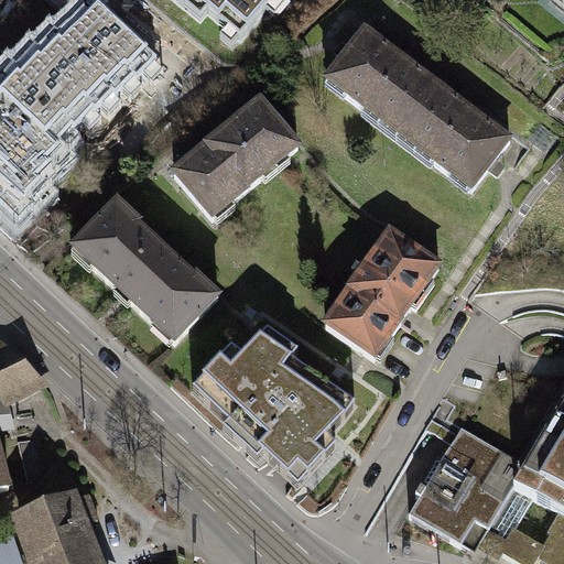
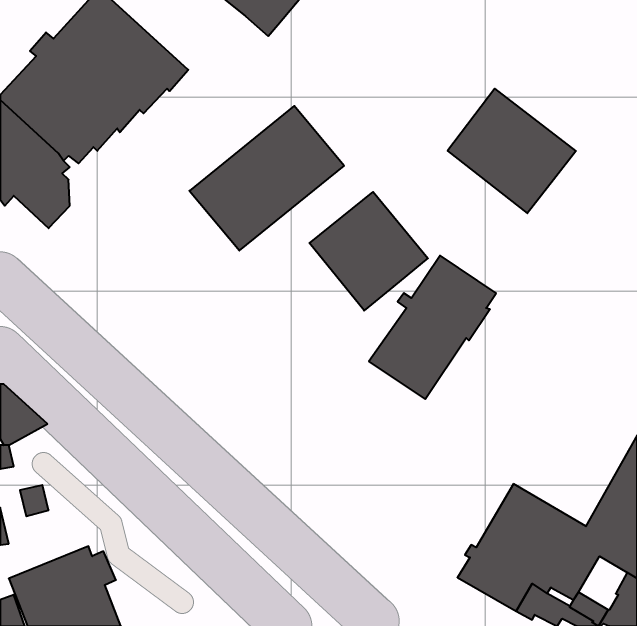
building: [323,23,437,133] -> none
building: none -> [309,192,428,311]
building: [69,197,219,343] -> none
building: [195,329,356,479] -> none

